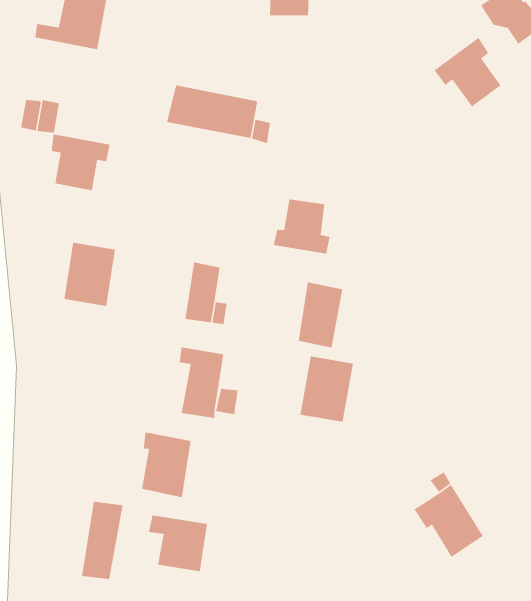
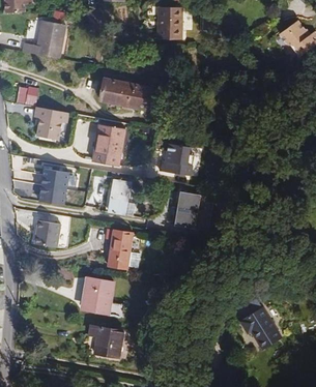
building: [433,37,501,108] -> none
building: none -> [92,124,124,165]
building: none -> [34,219,60,246]
building: [300,356,354,423] -> none
building: [81,501,123,580] -> none

